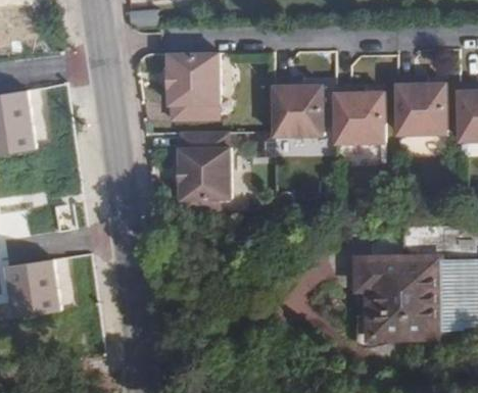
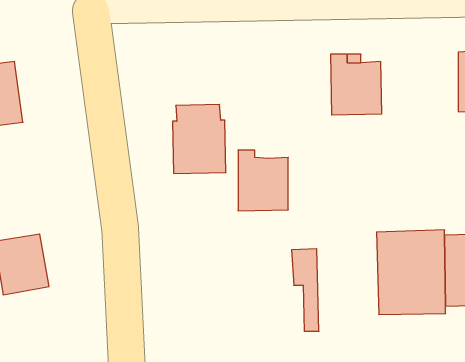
building: [159,52,210,119] -> none
building: [395,76,444,135] -> none
building: [271,81,320,140] -> [238,150,288,211]
building: [353,258,380,339] -> [292,249,319,331]

